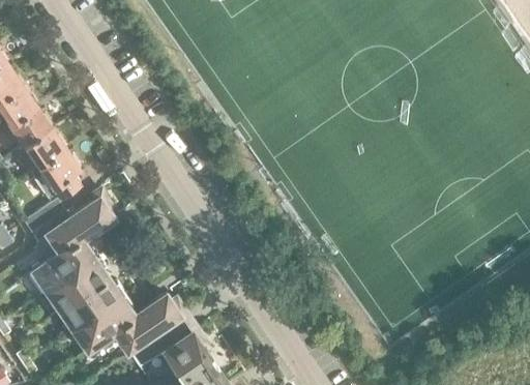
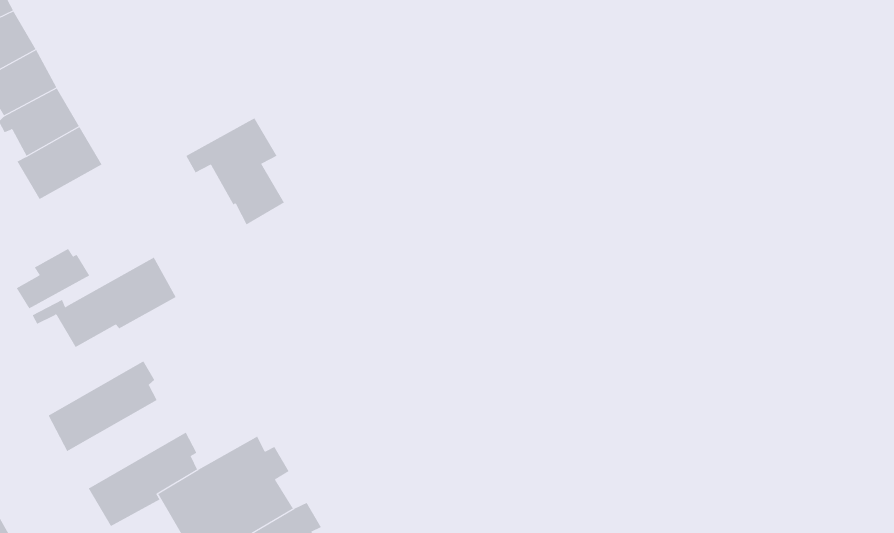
building: [28,148,86,209] -> [186,117,285,225]
building: [31,238,97,292] -> none
building: [58,278,124,331] -> none

